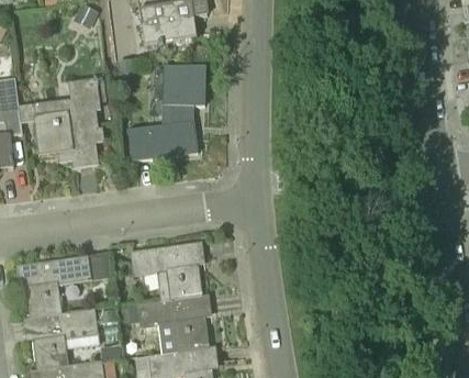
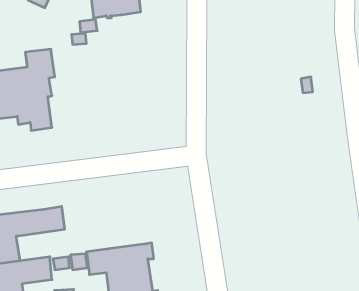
building: [127,67,204,160] -> none
building: [130,242,203,300] -> none

